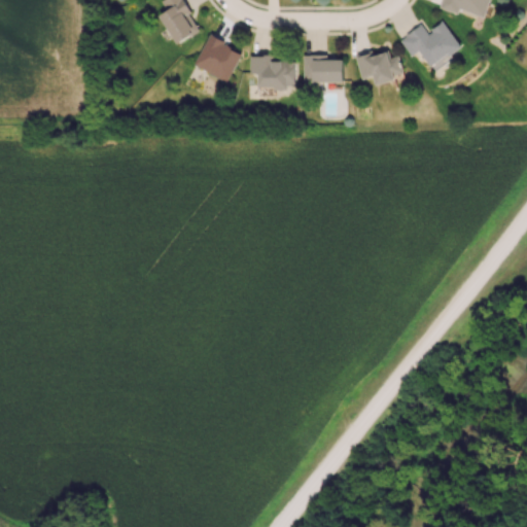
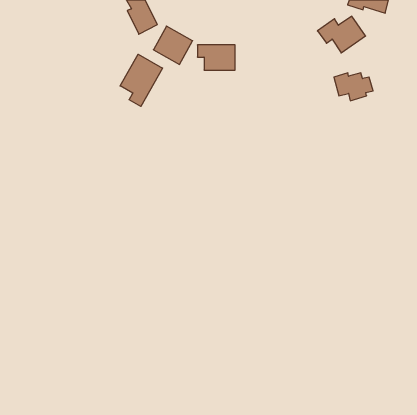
building: [355,51,405,86] -> [334,73,373,101]
building: [303,56,344,84] -> none
building: none -> [120,54,163,106]

